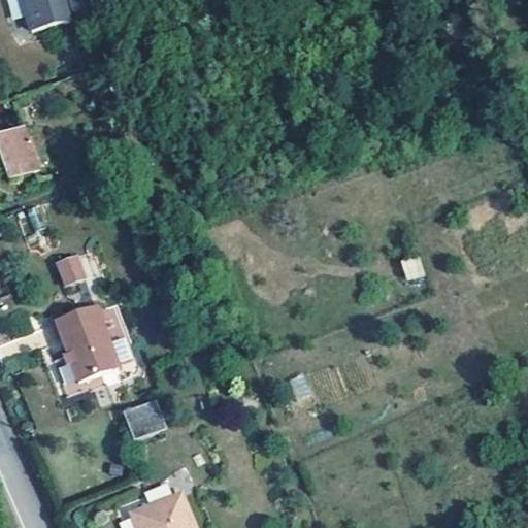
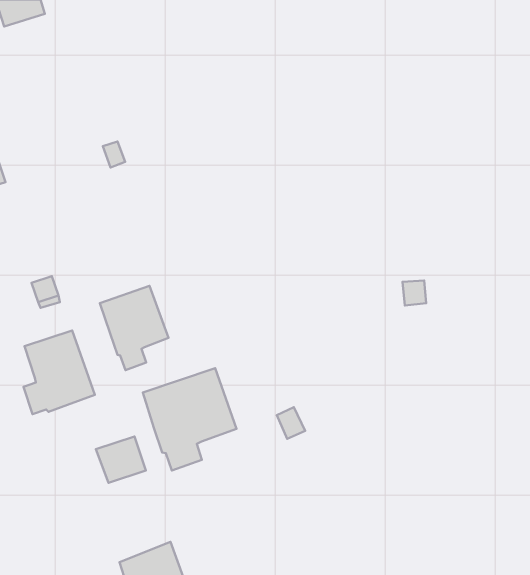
building: none -> [100,286,168,370]
building: none -> [143,368,236,471]

